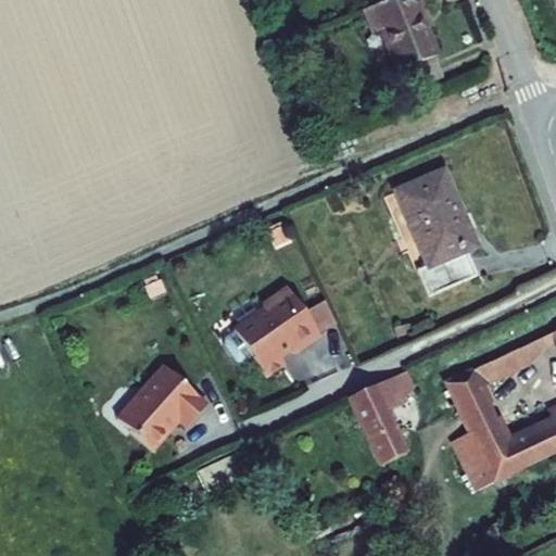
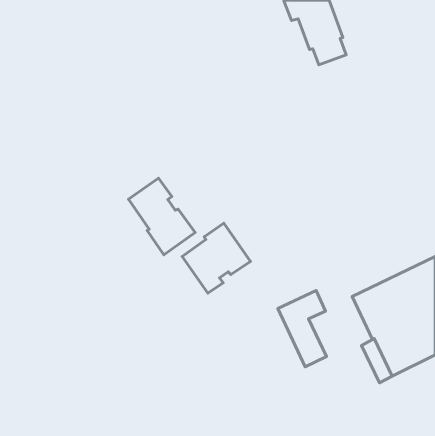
building: [392,174,475,300] -> none
building: none -> [128,178,195,255]
building: [117,364,207,448] -> none

